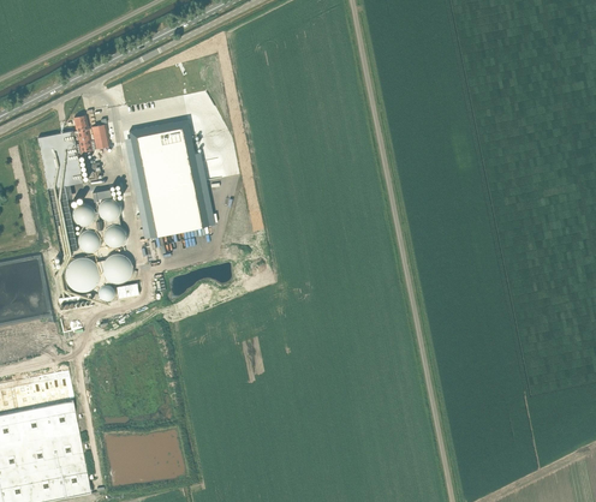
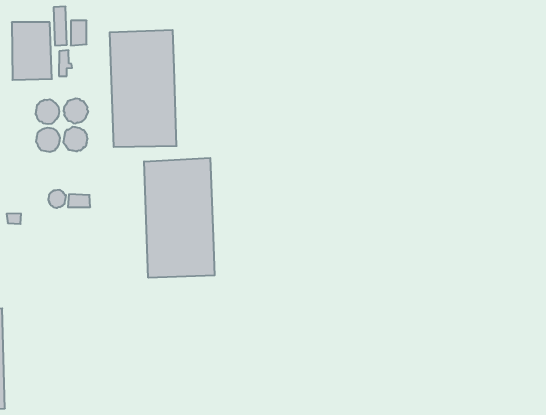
building: none -> [144,158,215,278]
building: [103,253,132,283] -> none
building: [65,258,99,293] -> none

